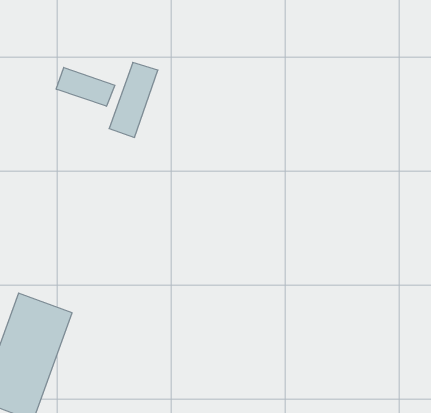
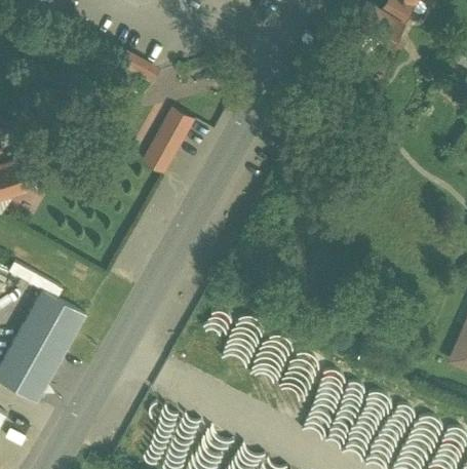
building: [56,67,115,106] -> none

